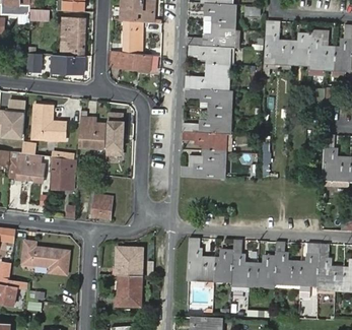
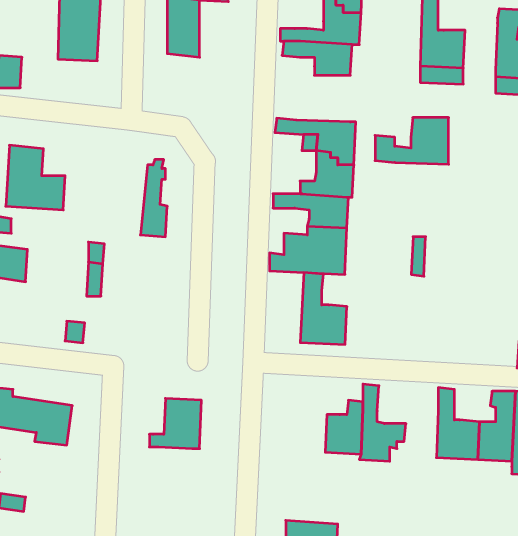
building: [290,32,309,62] -> none
building: [111,52,151,71] -> none
building: [52,56,83,74] -> none
building: [185,65,226,91] -> [375,118,449,164]
building: [79,118,107,149] -> none
building: [52,159,76,189] -> none
building: [90,194,113,219] -> none
building: [187,238,213,278] -> [300,273,347,344]
building: [249,255,276,285] -> none
building: [115,275,141,307] -> none

